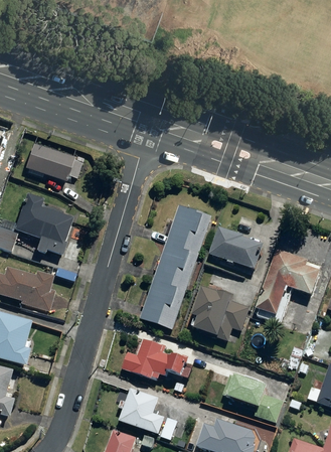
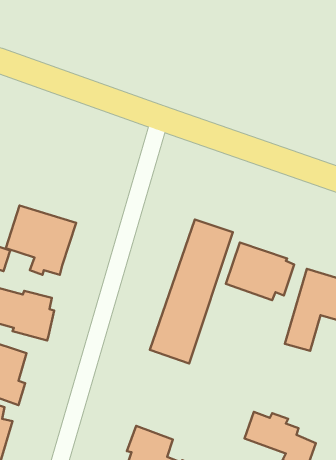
building: [23,142,74,192] -> none
building: [192,285,250,341] -> none
building: [124,339,194,380] -> none

